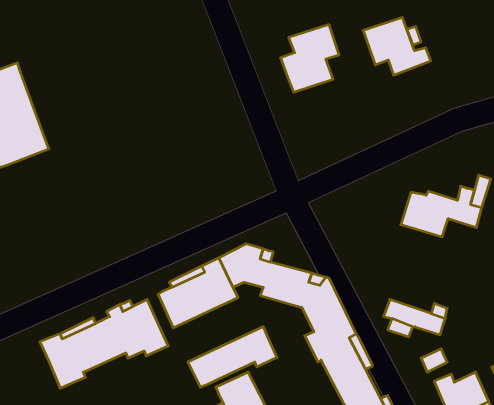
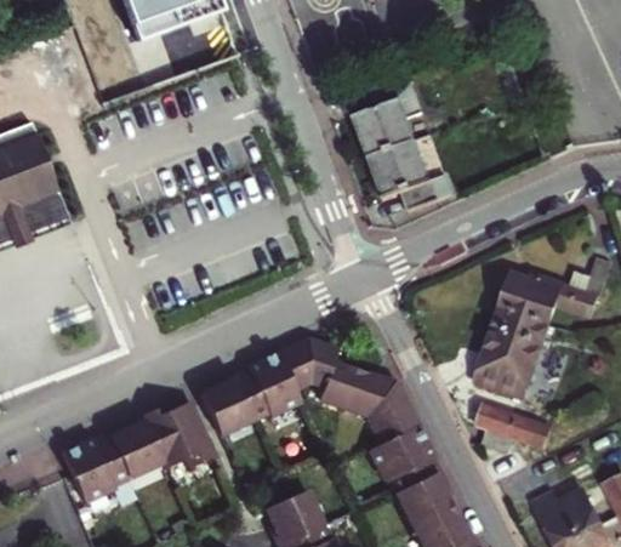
building: [363,17,431,75] -> [363,139,444,209]
building: none -> [469,314,541,400]
building: [188,327,277,387] -> none

